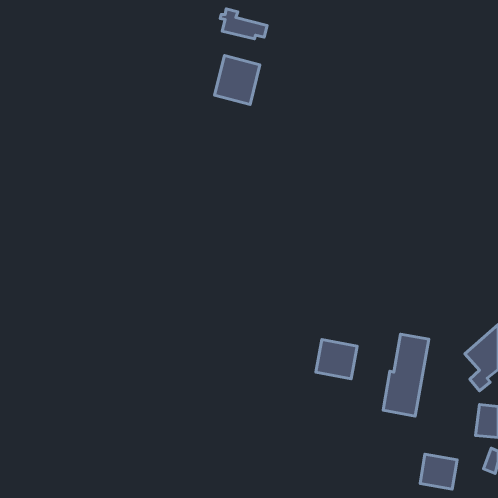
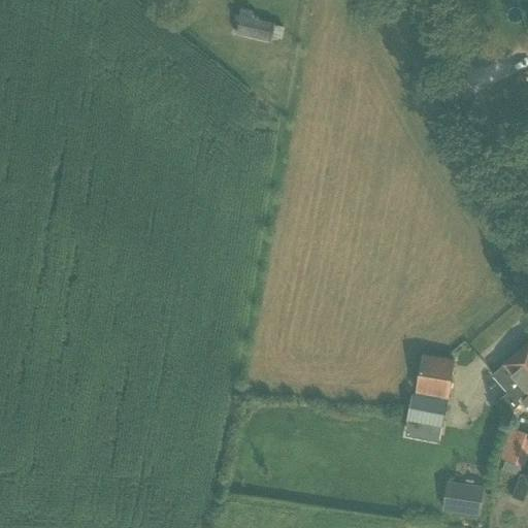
building: [215,55,260,105] -> none
building: [316,340,357,379] -> none

